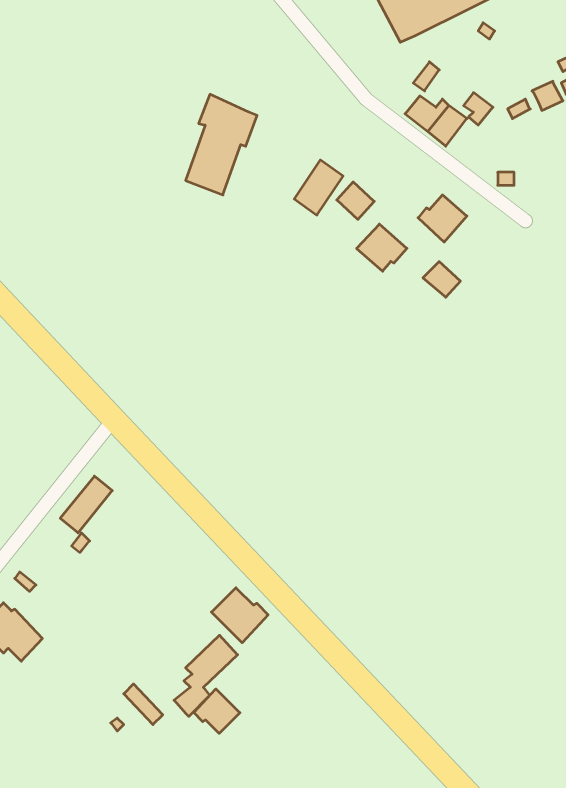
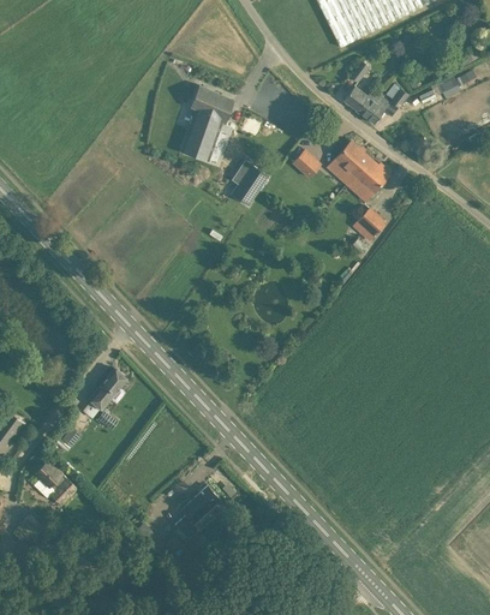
building: [294,160,343,215] -> [231,163,267,204]
building: [357,224,407,271] -> [333,141,370,175]
building: [211,588,268,643] -> none
building: [194,689,240,733] -> none

